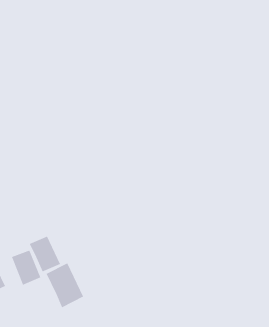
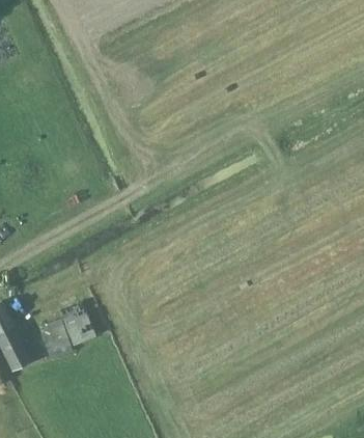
building: [46,262,84,308] -> none

